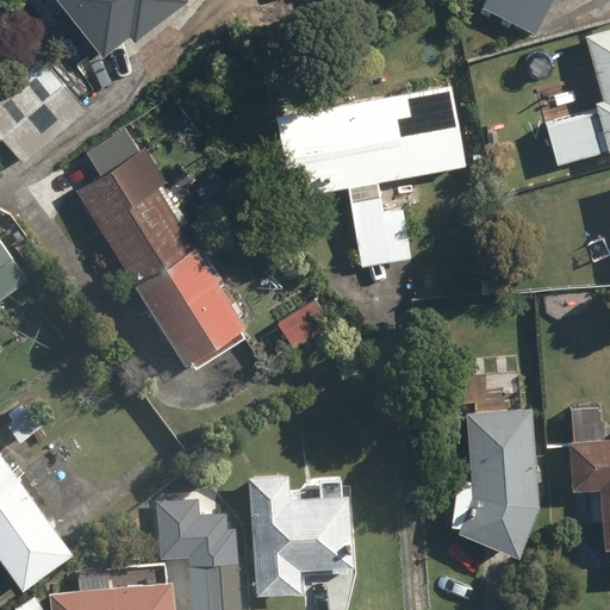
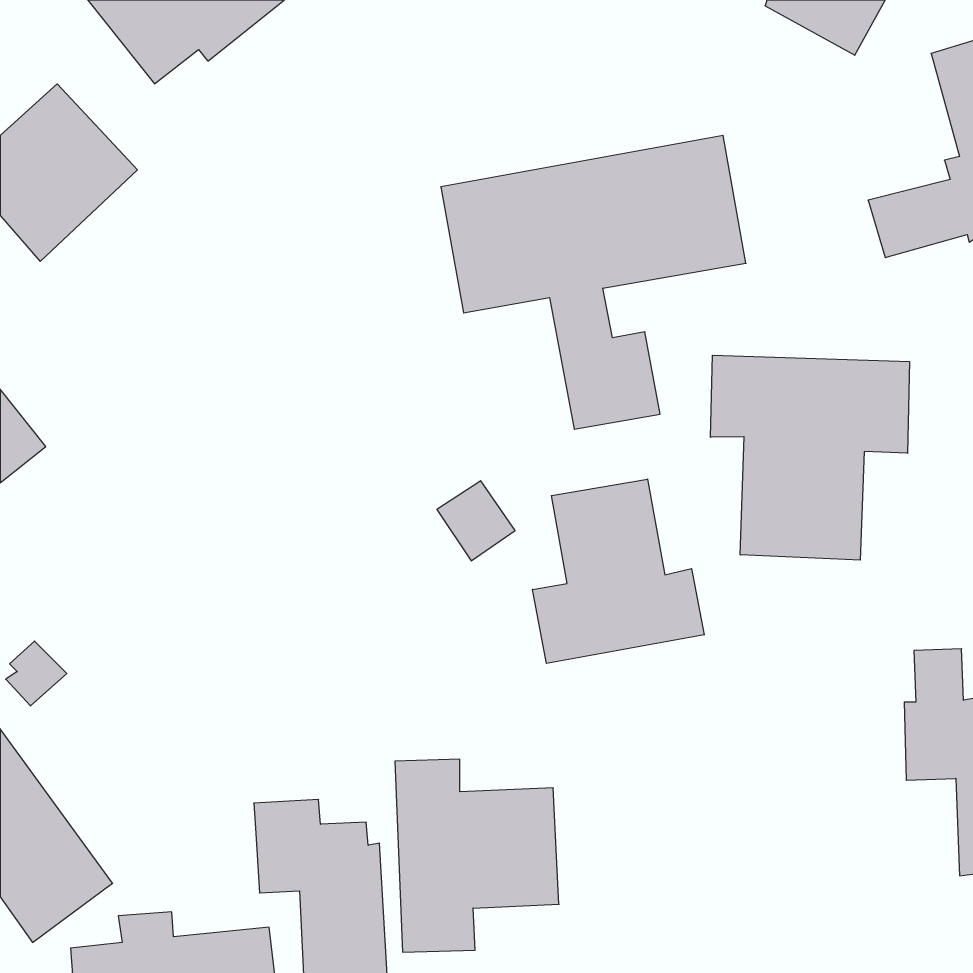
building: [74,129,249,375] -> none
building: none -> [711,355,909,560]
building: none -> [532,479,704,663]
building: [447,374,536,556] -> none

